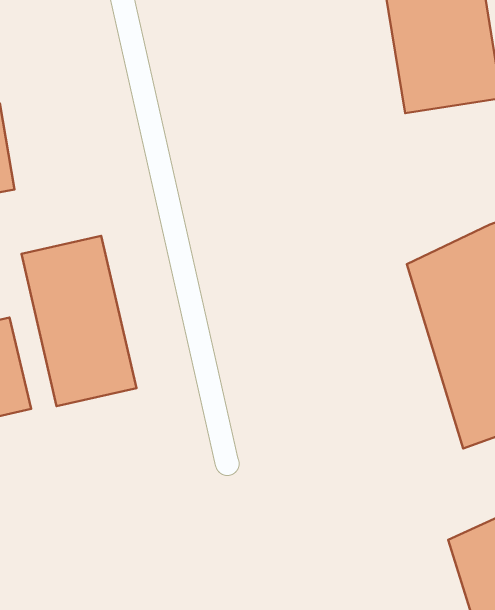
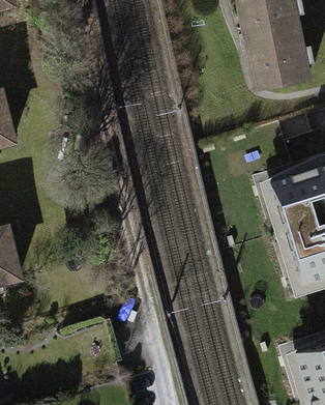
building: [22,236,136,406] -> none

